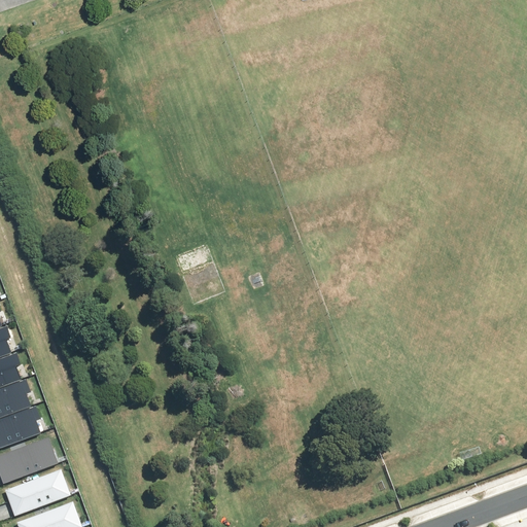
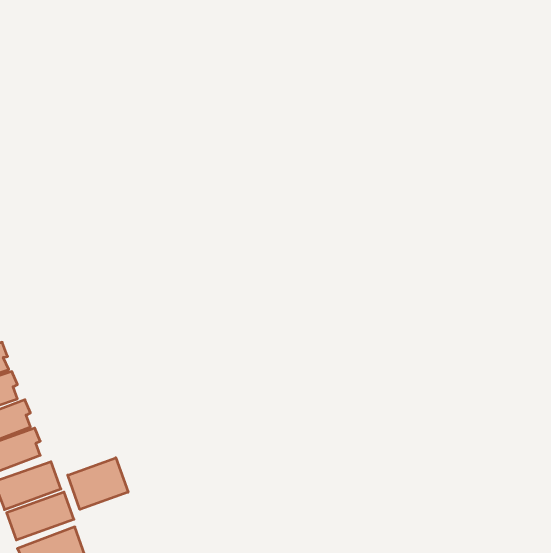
building: none -> [68,458,128,509]

